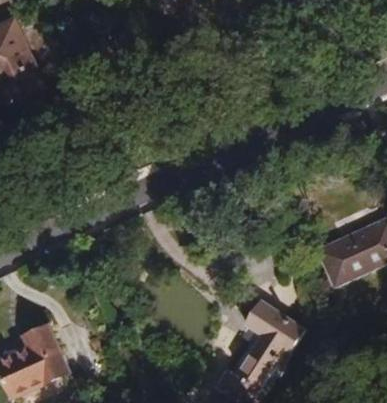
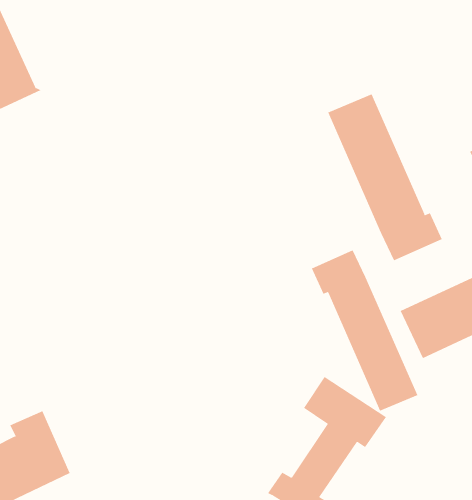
building: none -> [327,94,442,261]
building: none -> [311,249,418,411]

